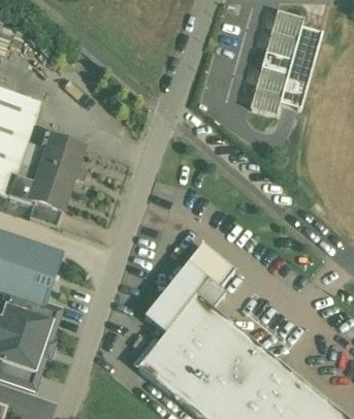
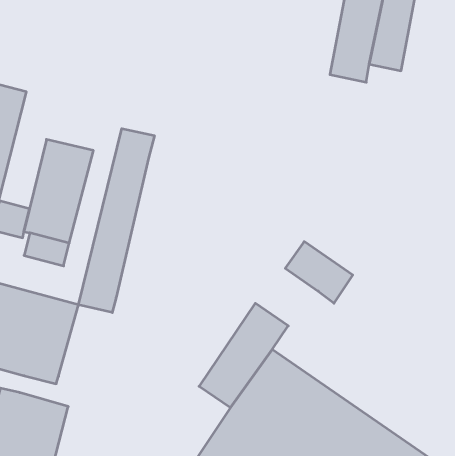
building: none -> [78,129,154,313]
building: [187,244,233,288] -> [285,242,353,303]
building: [19,299,58,323] -> none

